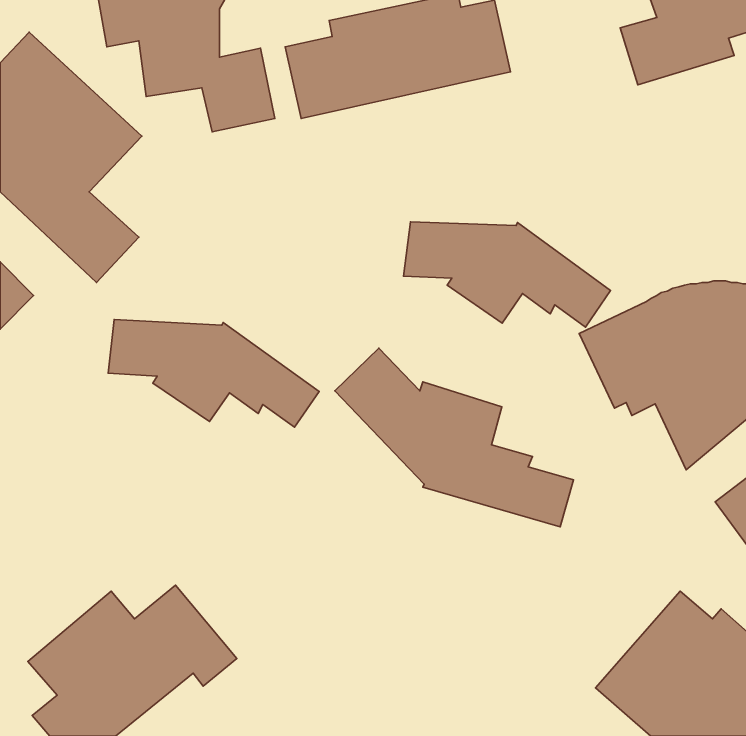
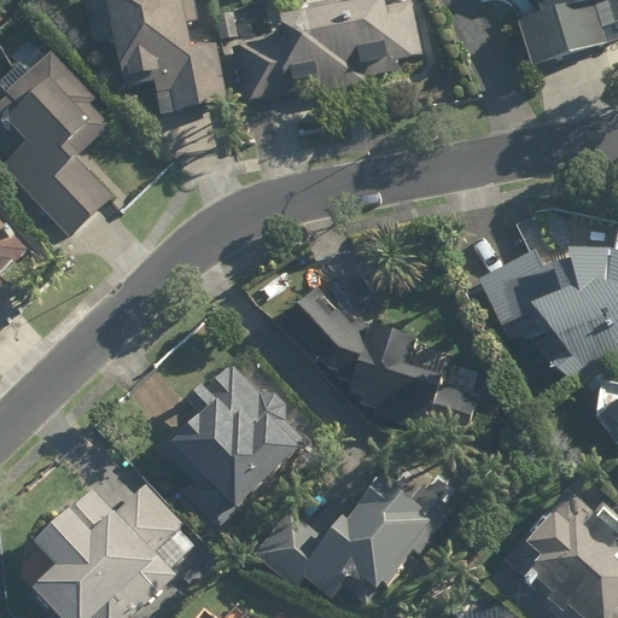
building: [404,222,610,327] -> none
building: [108,320,319,427] -> none
building: none -> [163,363,303,525]
building: none -> [261,473,454,601]

